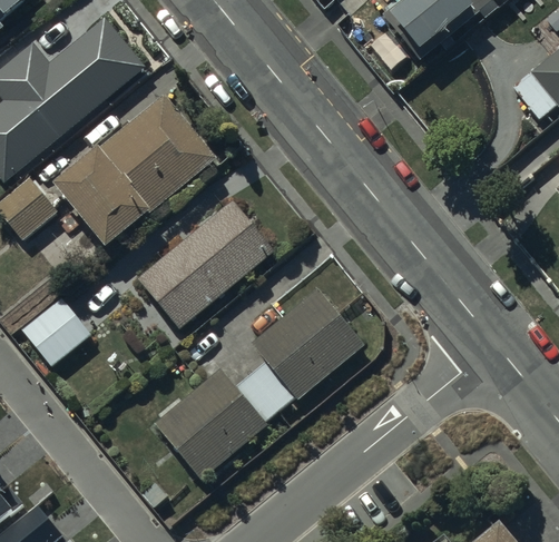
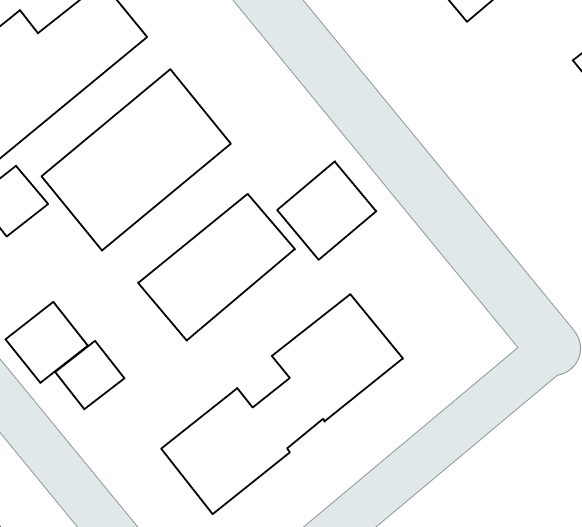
building: none -> [277,161,376,260]
building: none -> [55,341,124,409]

